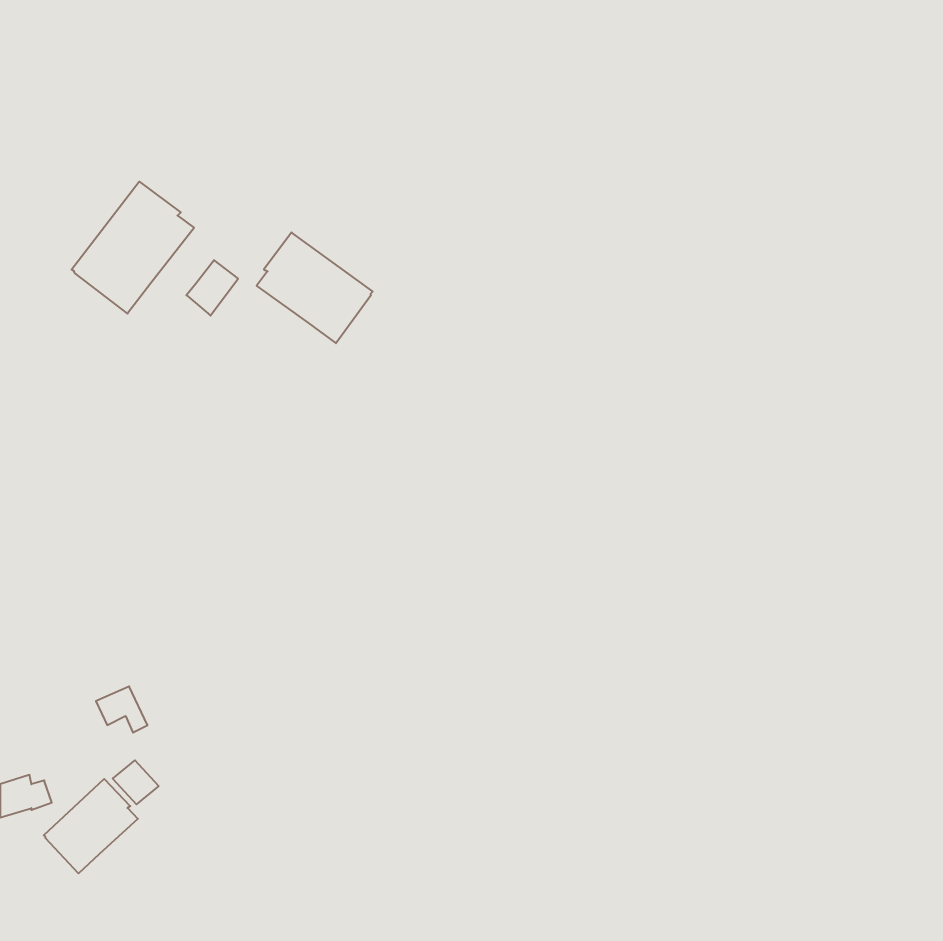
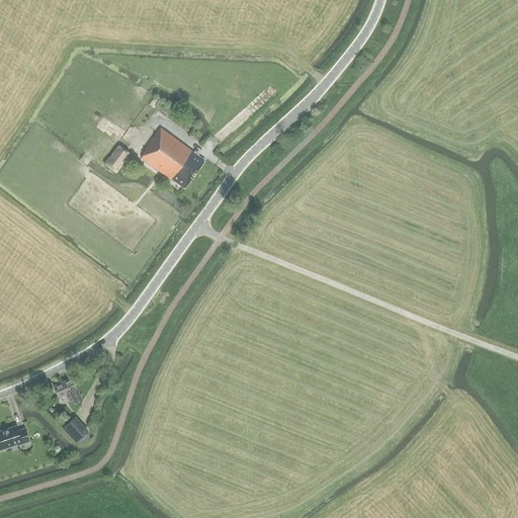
building: [72,182,194,314] -> none
building: [44,779,138,873] -> none

